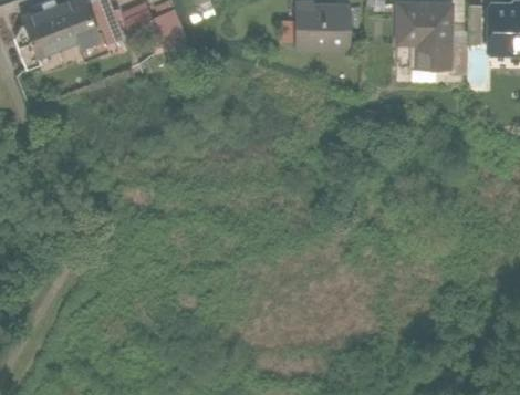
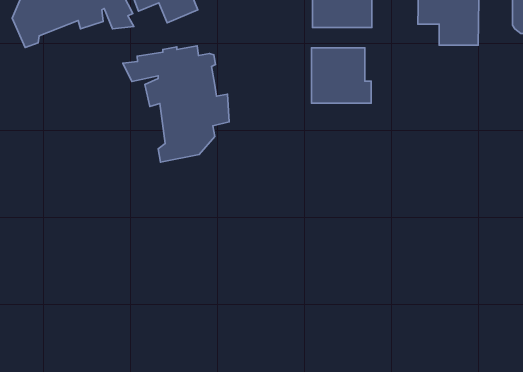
building: none -> [123,46,229,162]
building: none -> [311,48,371,103]

